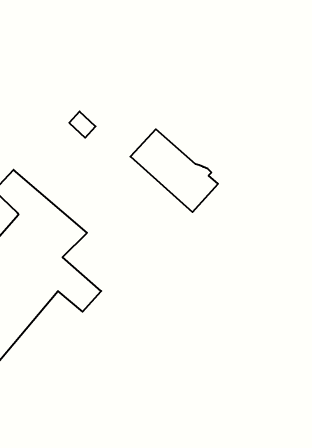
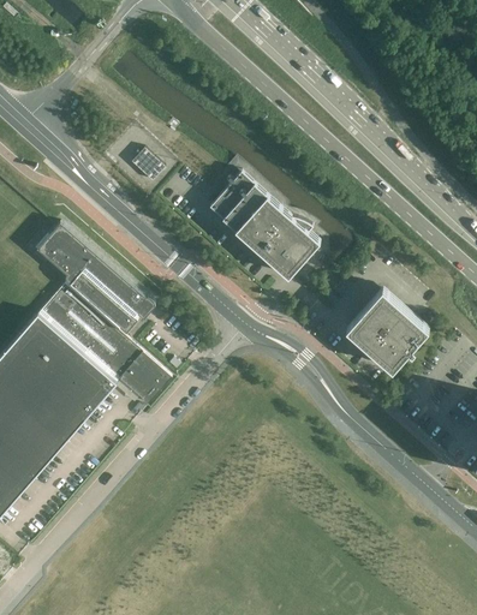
building: none -> [345,291,427,372]

